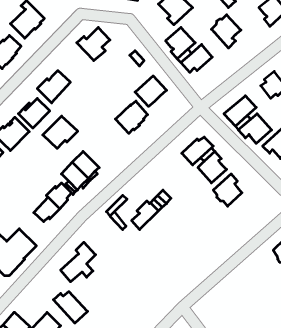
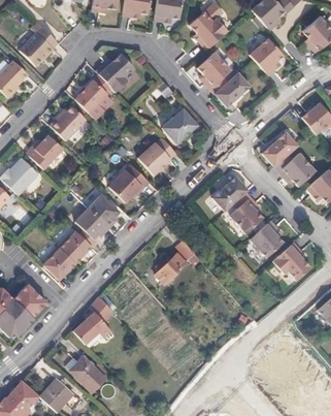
building: none -> [74,79,105,111]
building: [43,116,78,148] -> [109,164,150,201]
building: none -> [274,243,311,281]

